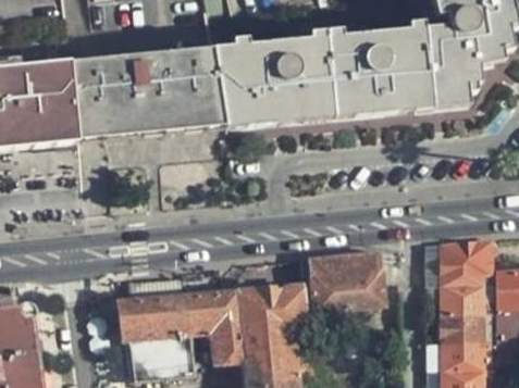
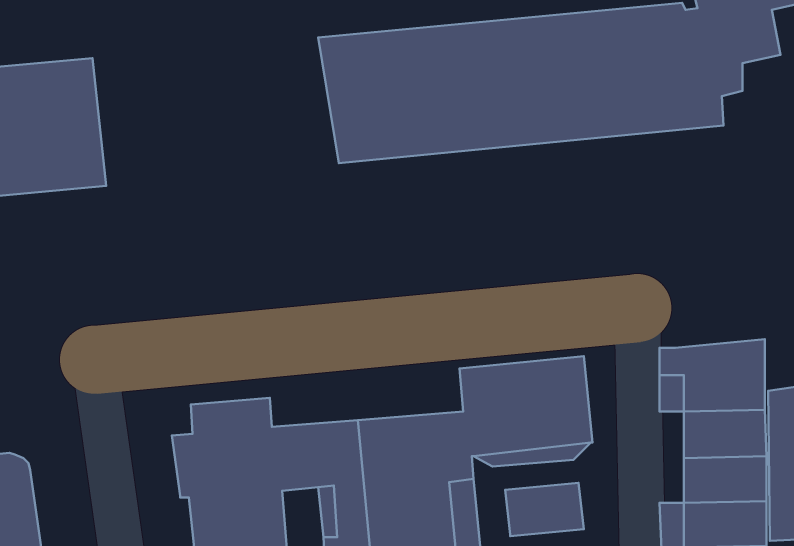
building: [69,47,224,140] -> none
building: none -> [505,483,584,536]

